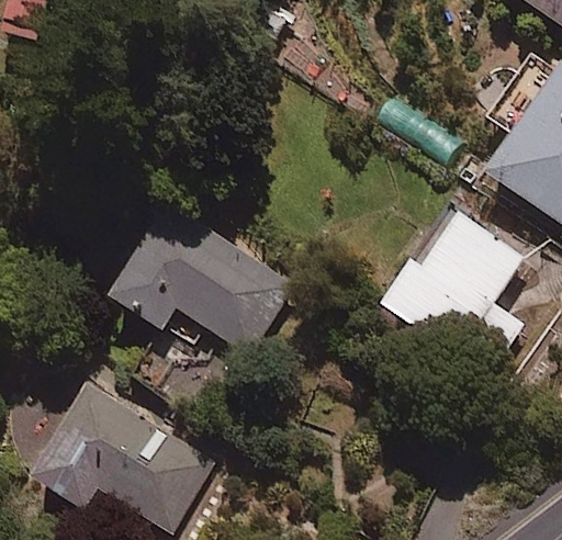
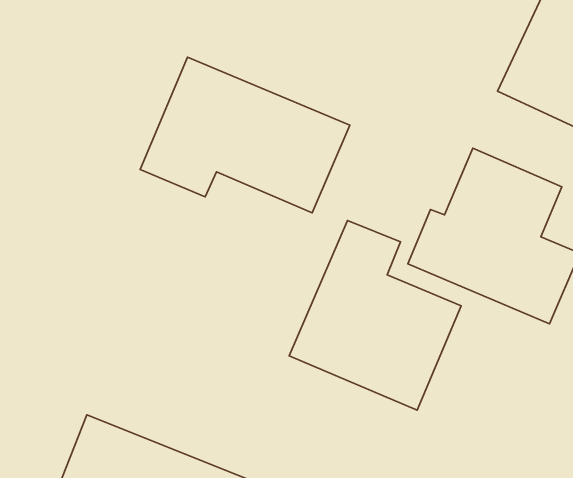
building: [112,206,297,358] -> [140,57,350,213]
building: none -> [289,220,461,410]

